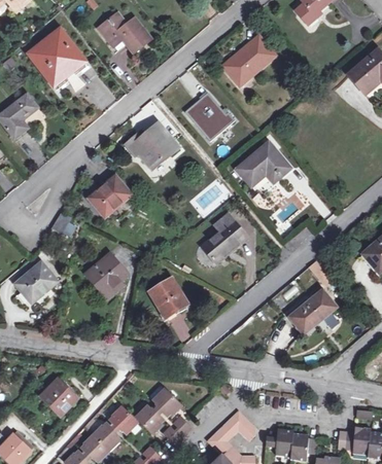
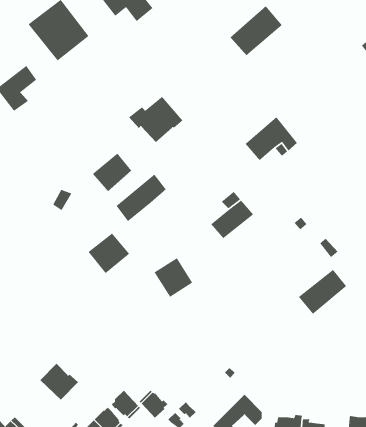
building: [183,92,234,141] -> none
building: none -> [116,173,167,222]
building: [15,261,57,299] -> none
building: [149,387,180,417] -> none

